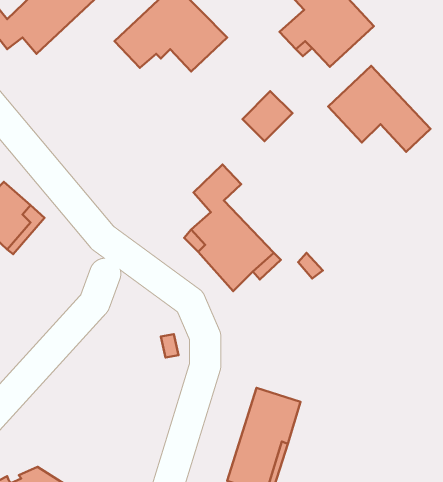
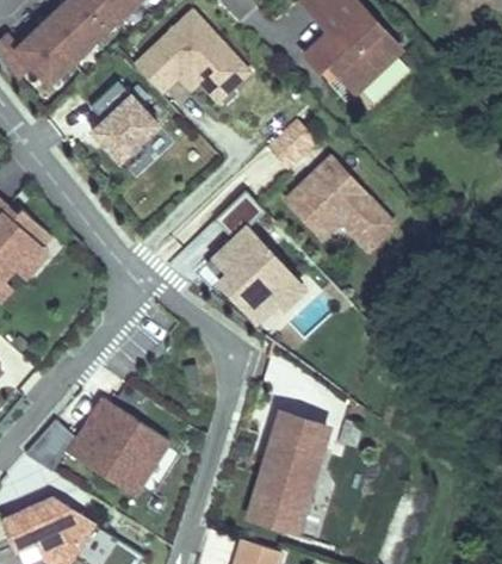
building: none -> [89,81,157,168]
building: [328,66,431,152] -> [287,159,392,247]
building: none -> [25,398,168,494]

